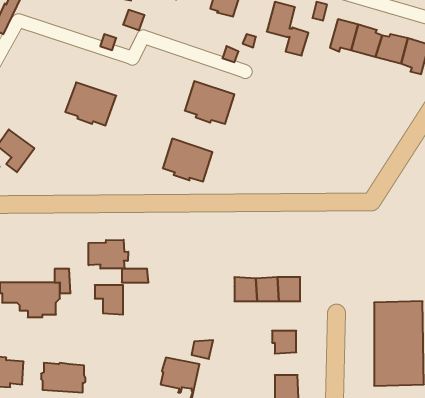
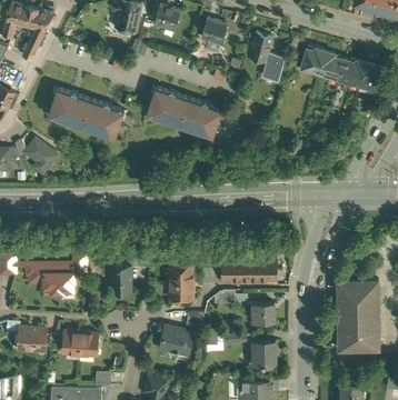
building: none -> [49,89,91,127]
building: [163,139,212,182] -> [148,88,189,123]
building: [89,240,128,269] -> none
building: none -> [170,266,192,302]

